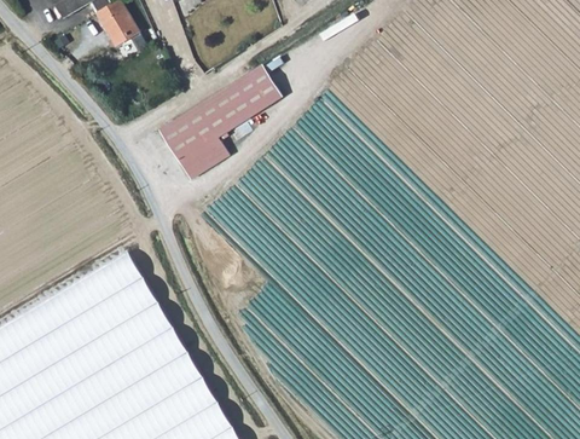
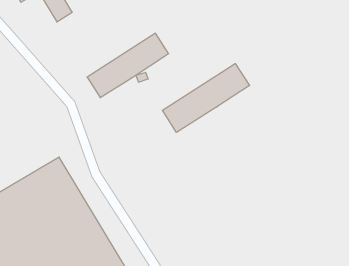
building: none -> [162,64,250,132]
building: [182,129,232,177] -> none

